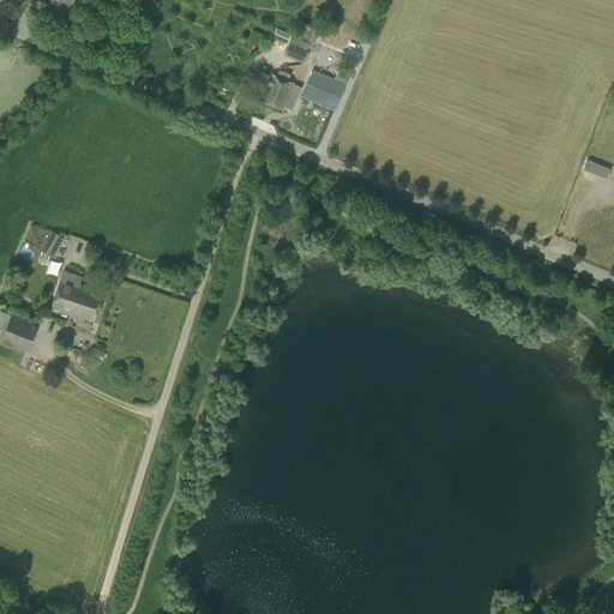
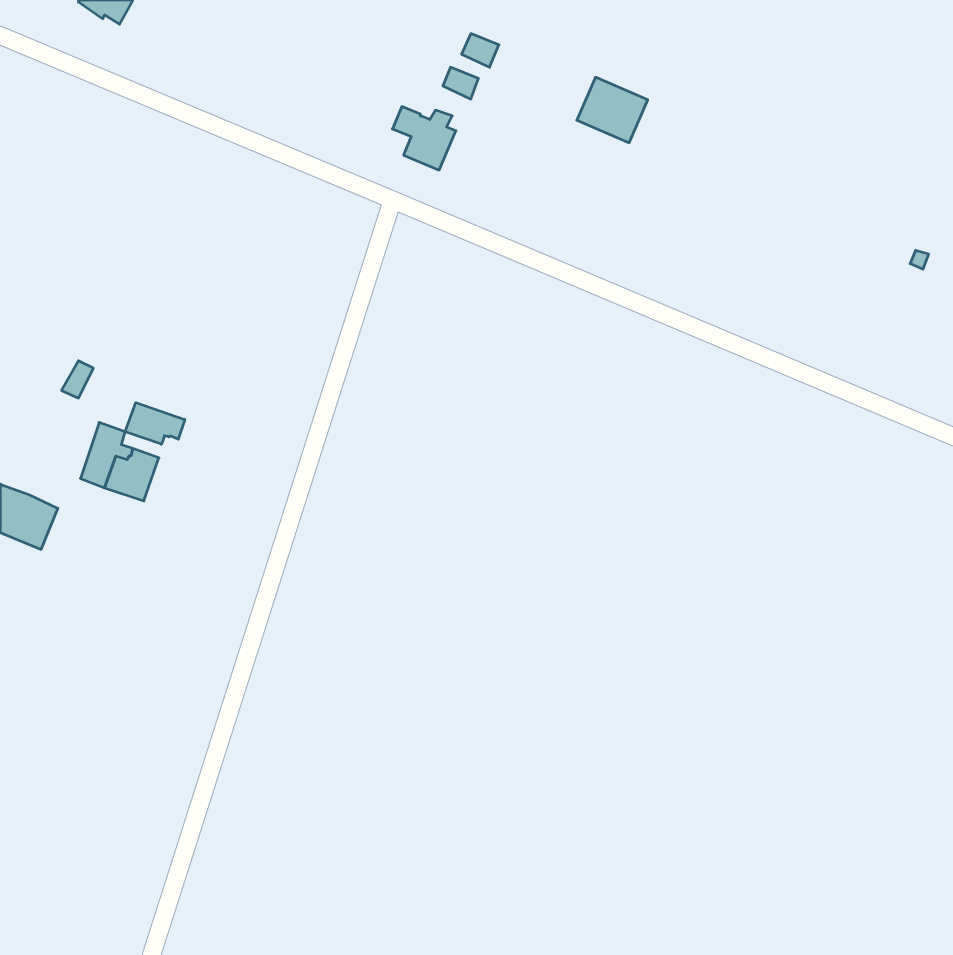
building: [301,70,347,112] -> [577,77,648,143]
building: none -> [125,403,185,444]

